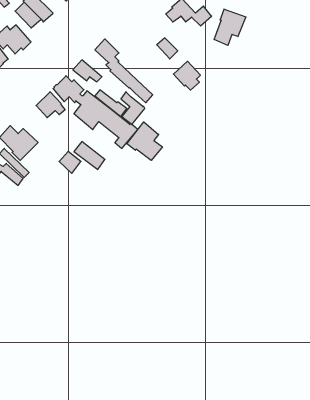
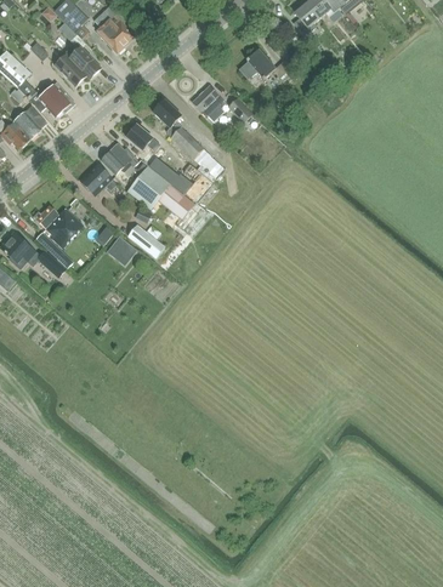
building: [214,9,246,45] -> none
building: [173,61,200,90] -> [192,85,225,120]
building: [127,122,162,160] -> none

